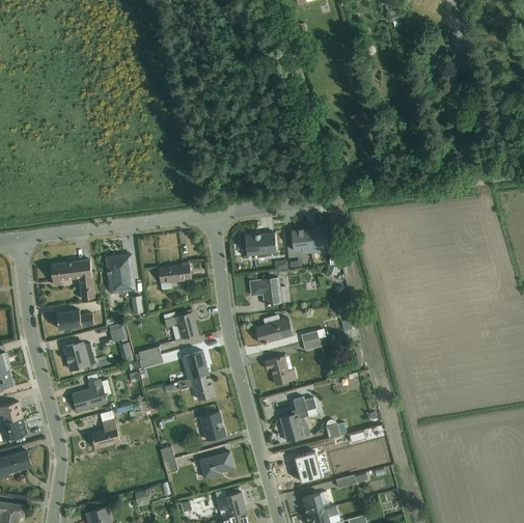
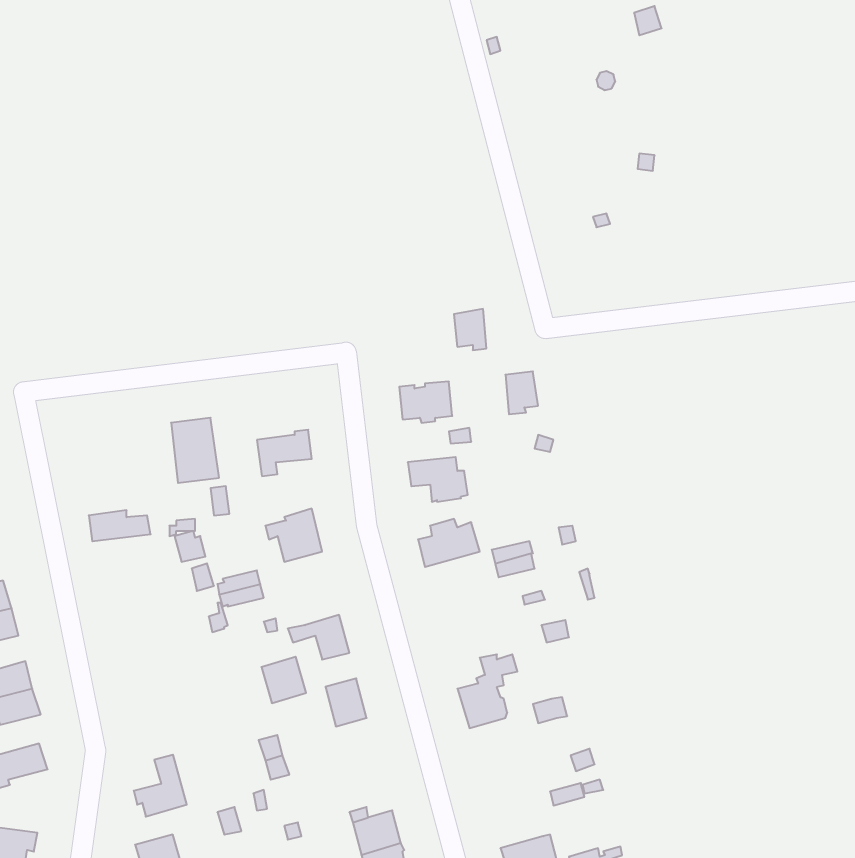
building: [291,228,310,253] -> [454,309,486,350]
building: [50,259,94,300] -> none
building: [63,341,94,370] -> none
building: [181,352,208,380] -> [261,657,306,703]
building: [265,356,296,385] -> none
building: [72,379,110,412] -> none
building: [87,412,119,449] -> [134,755,187,817]
building: [197,452,233,479] -> none
building: [291,452,316,483] -> none
building: [301,491,331,515] -> none

